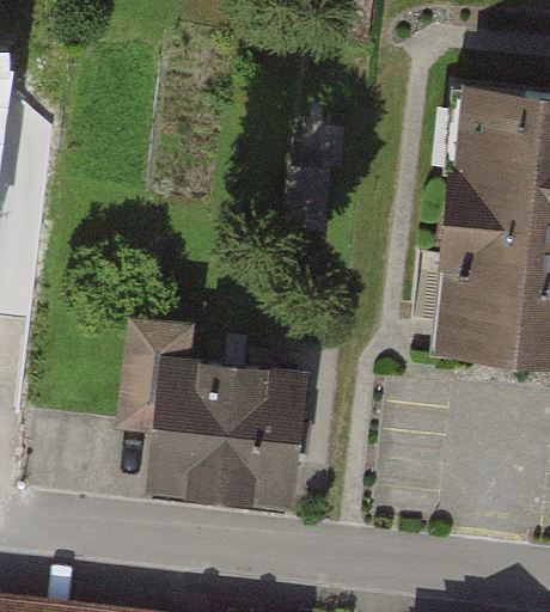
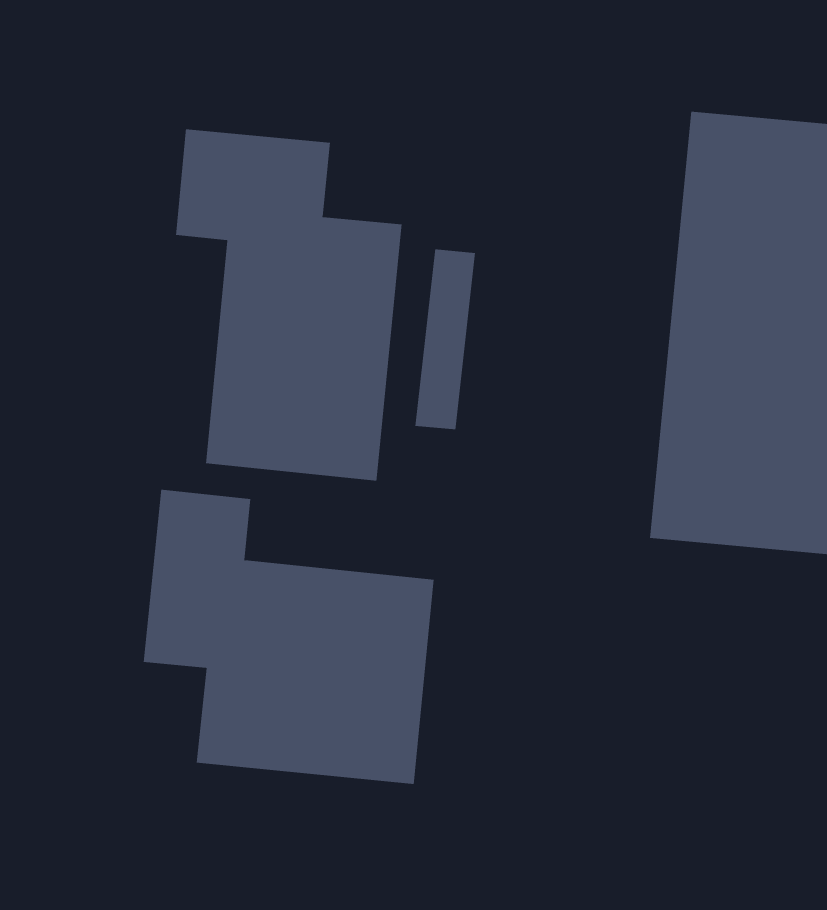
building: none -> [176,129,402,481]

